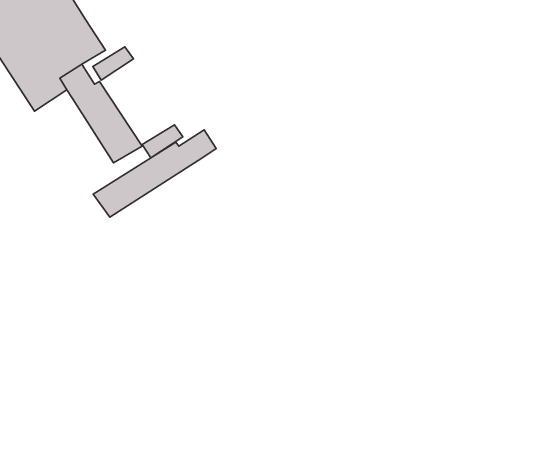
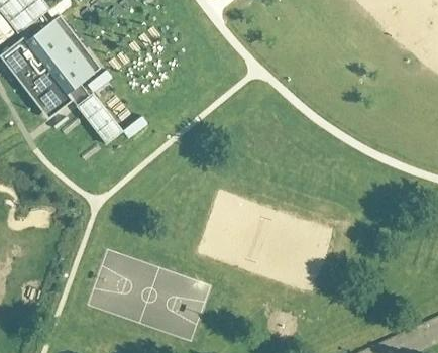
building: [93,130,216,217] -> none

